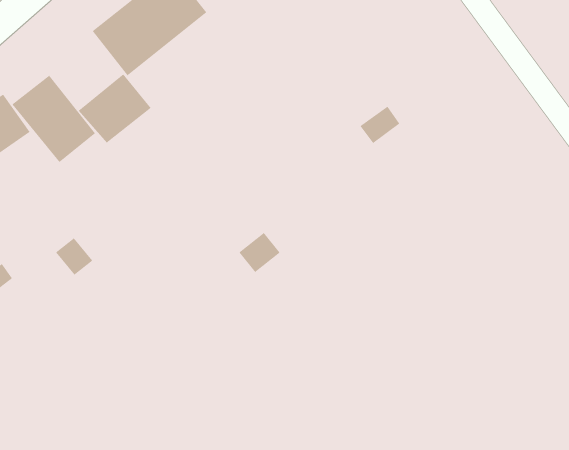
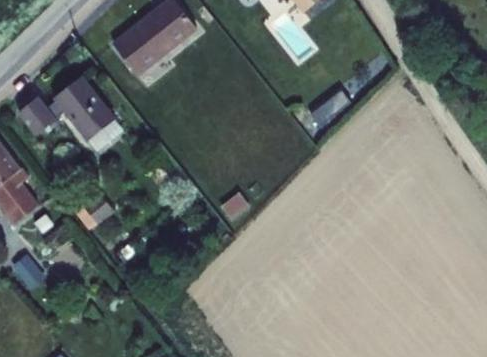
building: [78,73,152,144] -> none

